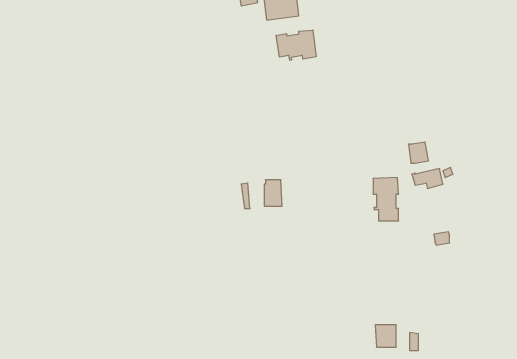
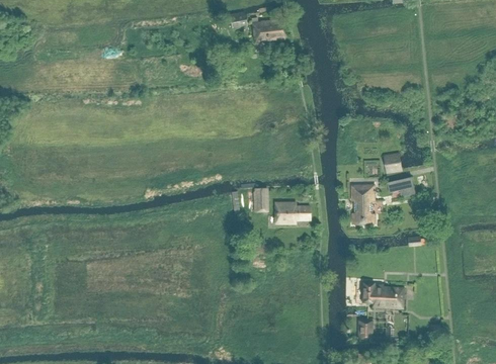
building: [276,30,316,60] -> none
building: none -> [273,204,309,223]
building: none -> [361,281,403,307]

